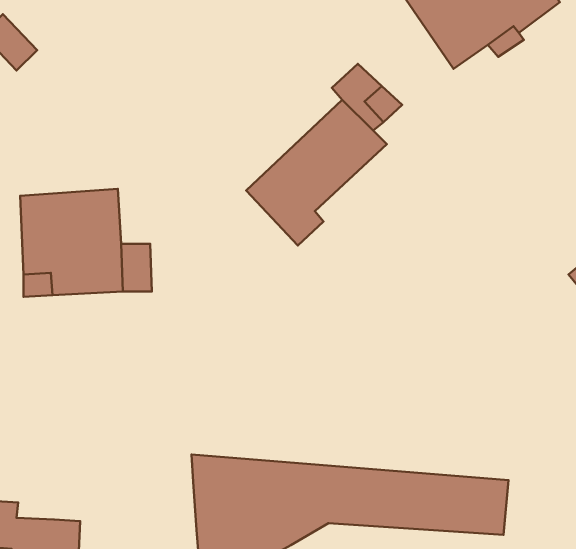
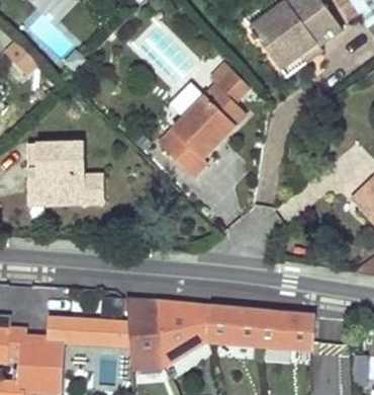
building: none -> [44,312,129,344]

